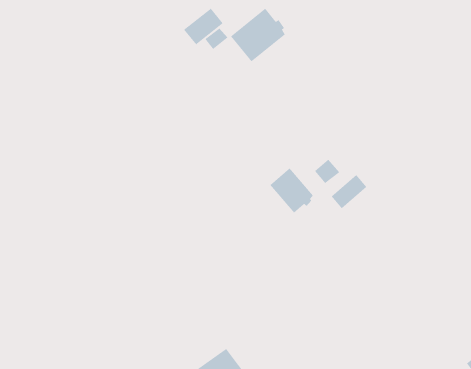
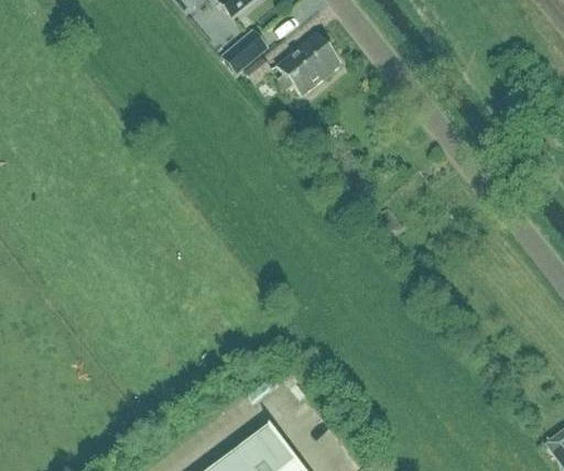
building: [269,168,314,214] -> none
building: [331,174,367,209] -> none

